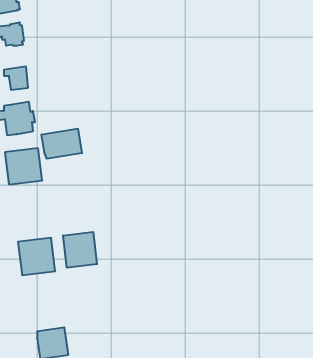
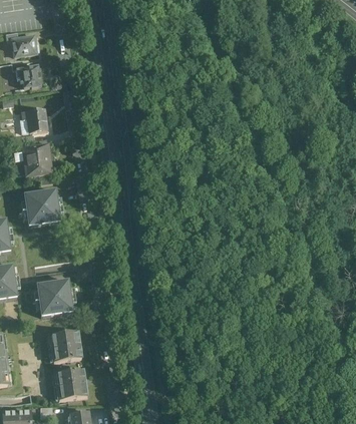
building: [42,129,82,159] -> none
building: [63,232,97,268] -> none
building: none -> [49,329,80,360]

